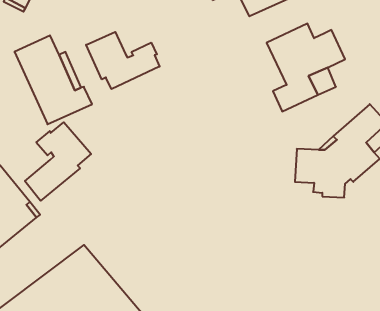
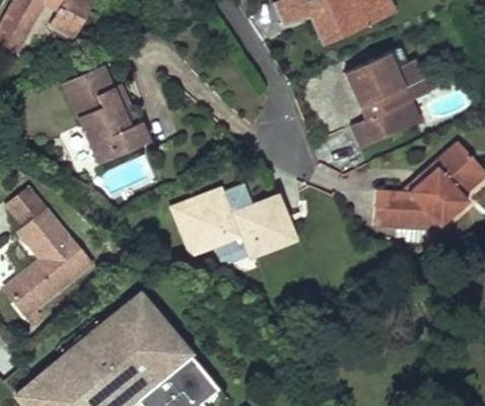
building: [86,32,160,89] -> none
building: [25,122,91,201] -> none
building: none -> [181,185,292,253]

